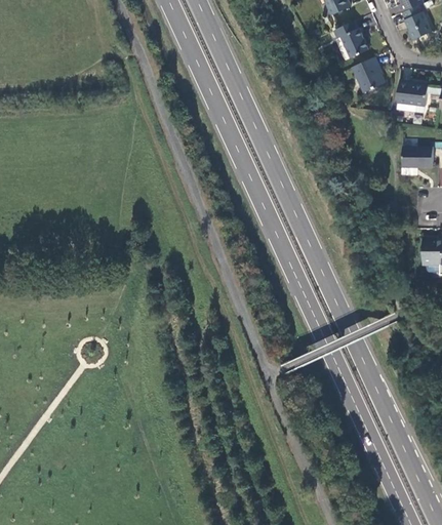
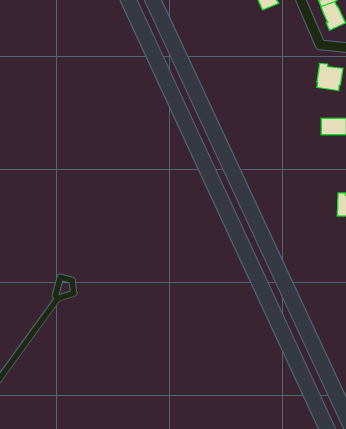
building: [335,22,368,57] -> none
building: [352,56,385,92] -> none

